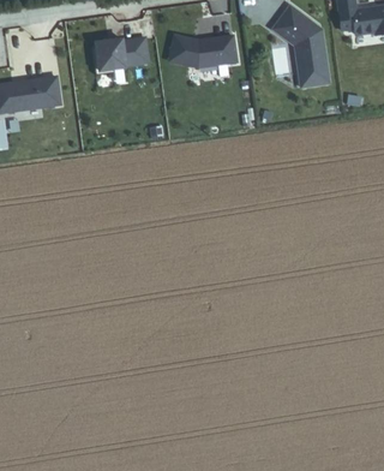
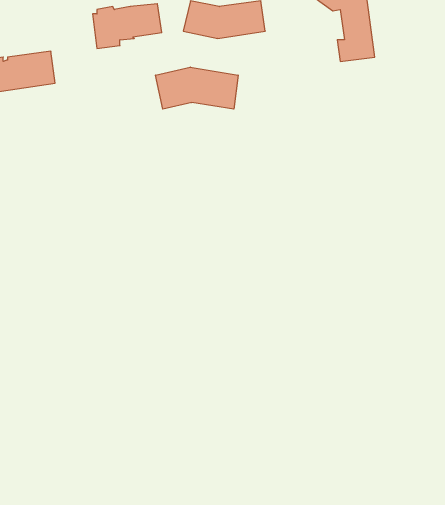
building: none -> [156,67,238,109]

